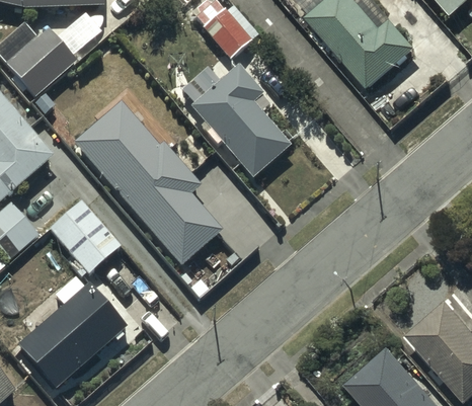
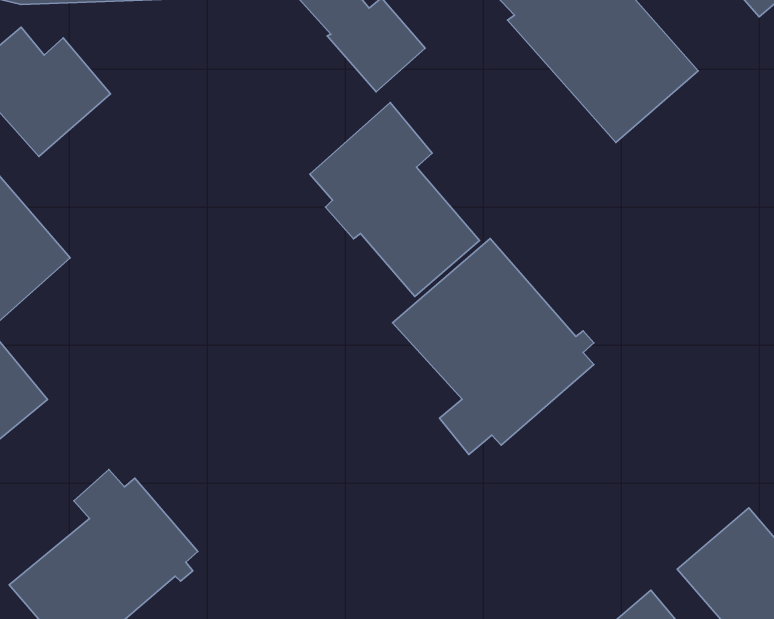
building: [74,100,221,265] -> none
building: none -> [392,238,594,454]
building: [48,199,121,277] -> none

